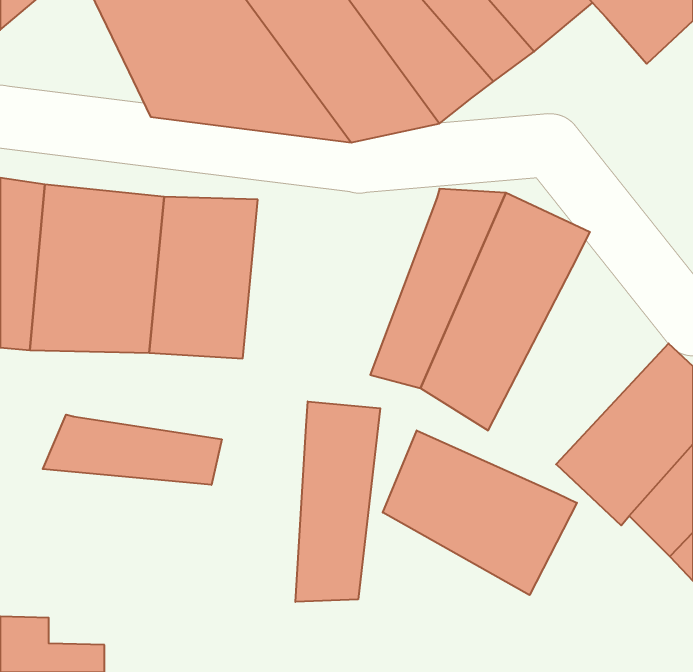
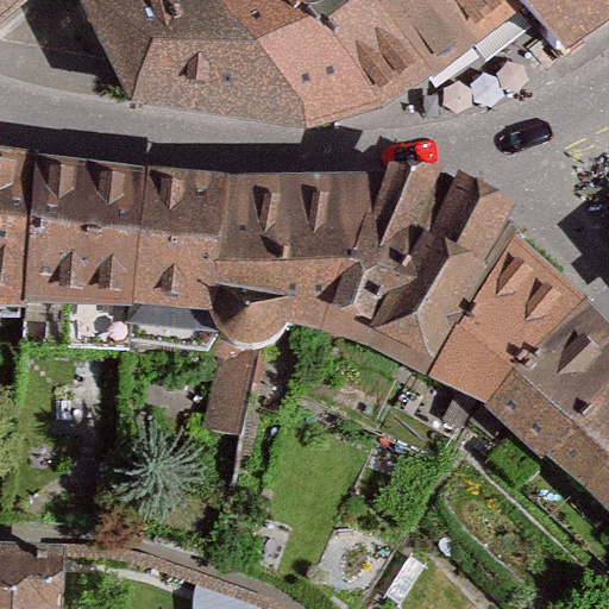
building: none -> [213,174,383,351]
building: none -> [428,225,586,407]
building: [295,401,380,602] -> none
building: [43,415,222,485] -> none
building: [383,430,577,595] -> none

